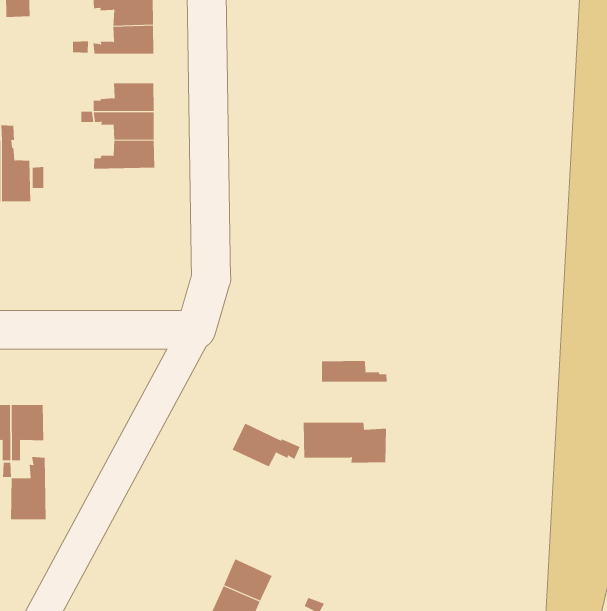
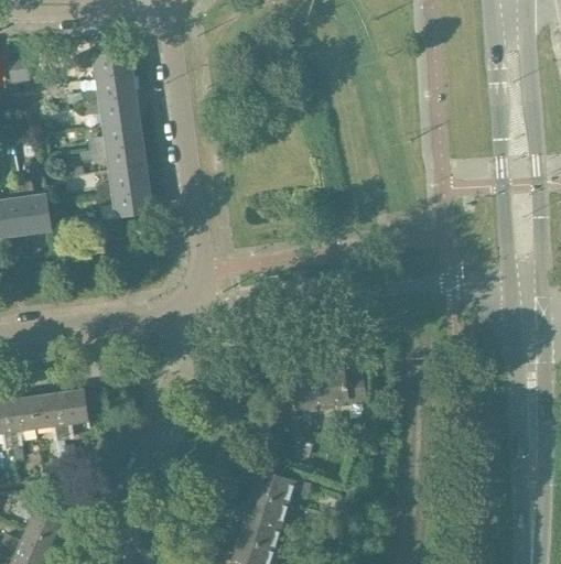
building: none -> [86,98,138,126]
building: none -> [98,189,151,218]
building: [321,360,387,382] -> none
building: [232,423,301,467] -> [255,471,310,505]
building: [11,456,46,520] -> none

